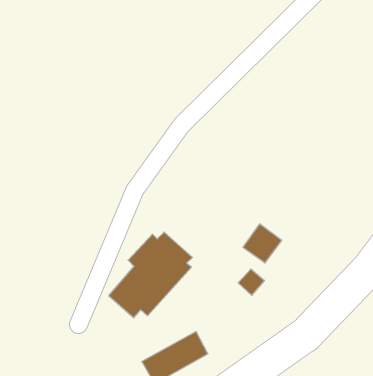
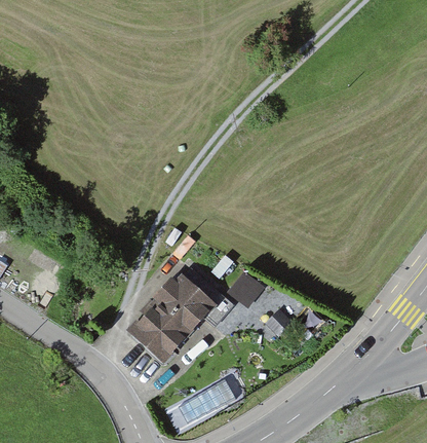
building: [243,224,282,263] -> [224,270,265,311]

